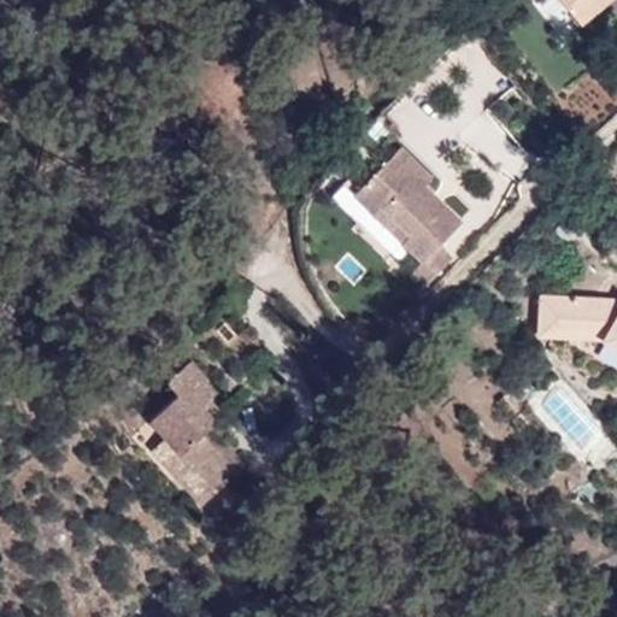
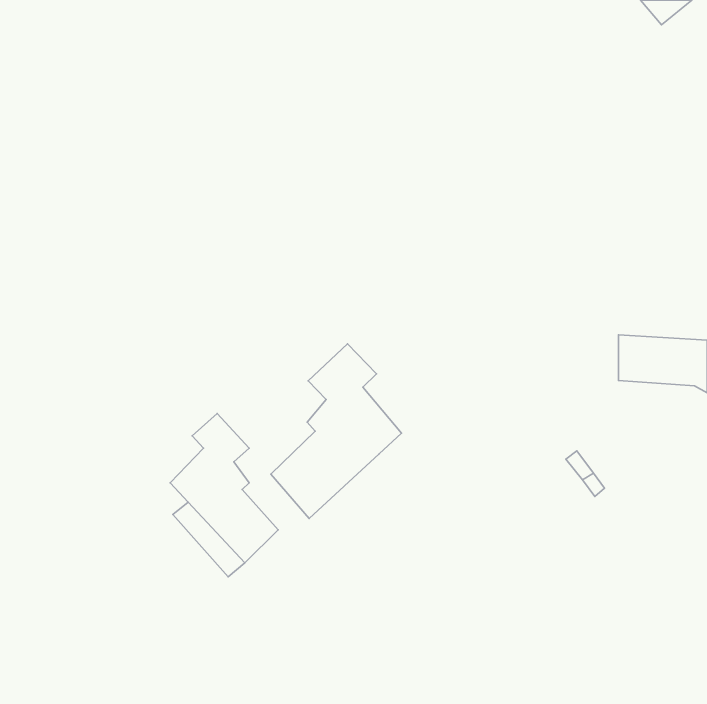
building: [357,152,460,286] -> none
building: none -> [271,344,401,519]

